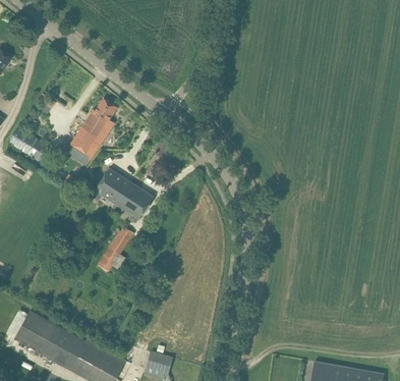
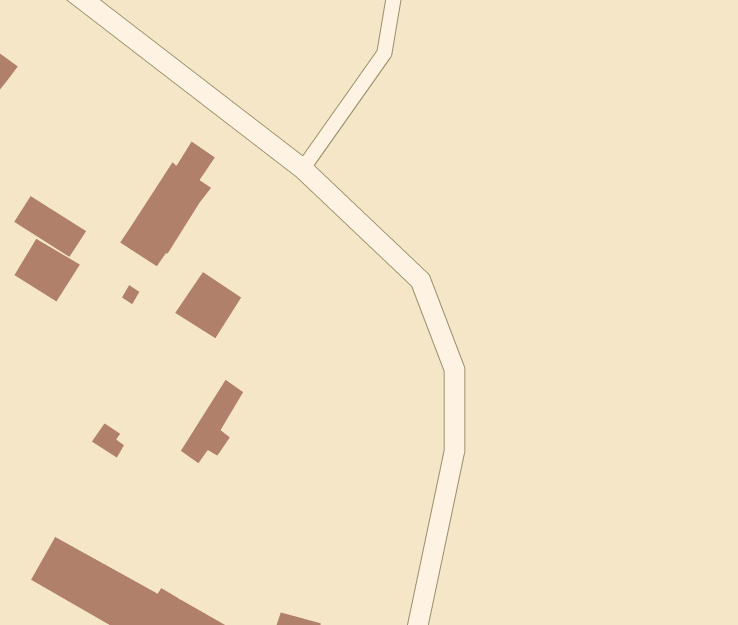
building: none -> [14,238,81,303]
building: [116,183,153,220] -> none

